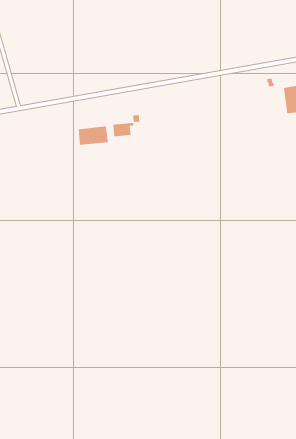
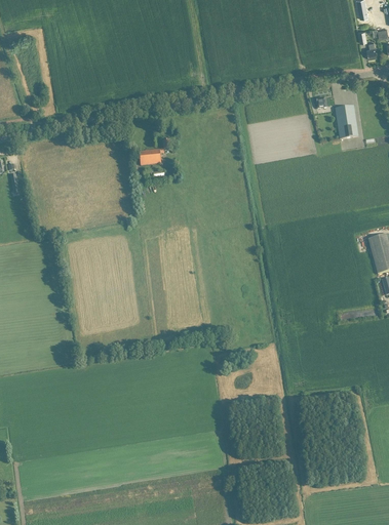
building: [78,126,109,146] -> none

